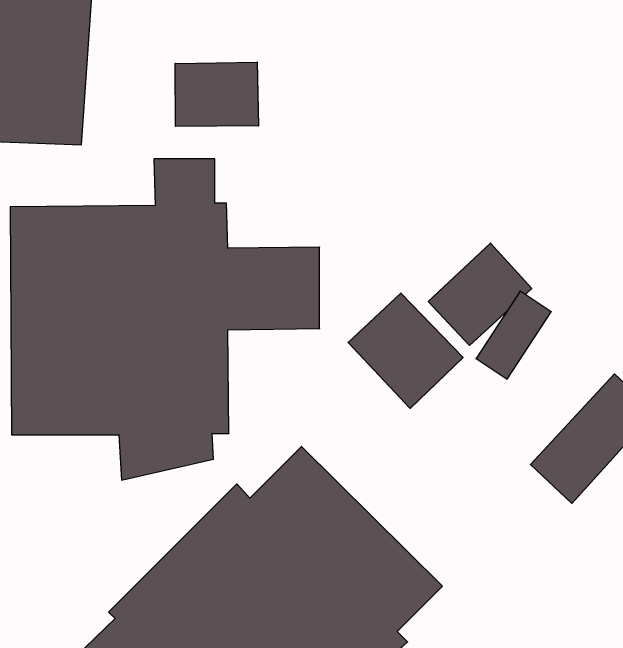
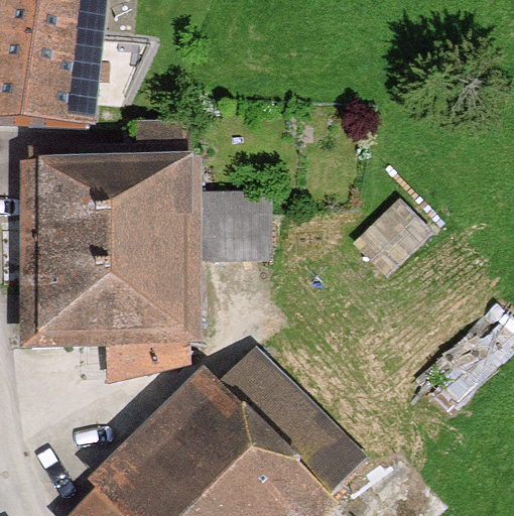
building: [175,62,258,126] -> none
building: [348,293,463,408] -> none

